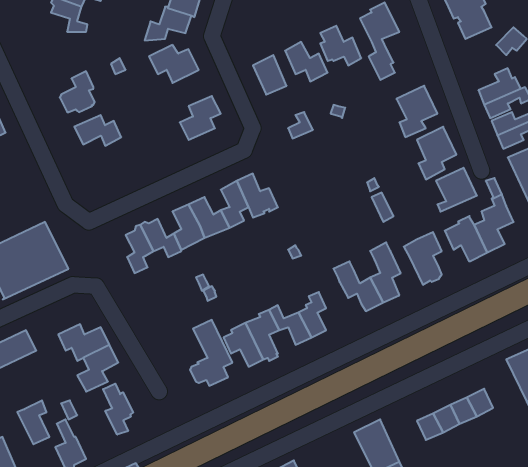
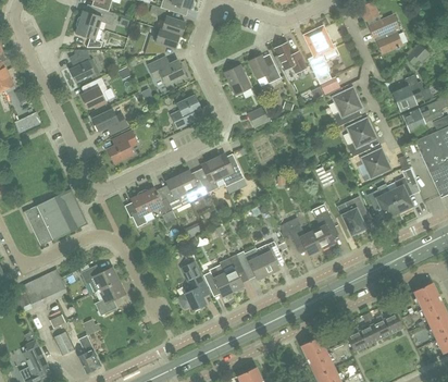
building: none -> [69,49,96,83]
building: none -> [108,131,138,162]
building: [103,384,133,435] -> none

